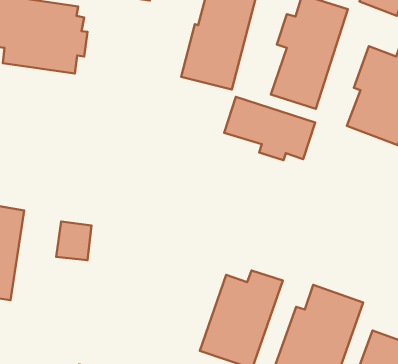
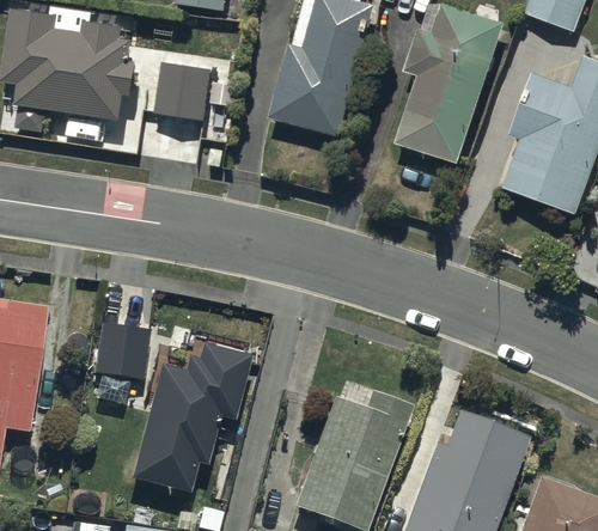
building: none -> [154,57,210,115]
building: [224,97,315,160] -> none
building: none -> [130,346,249,494]

